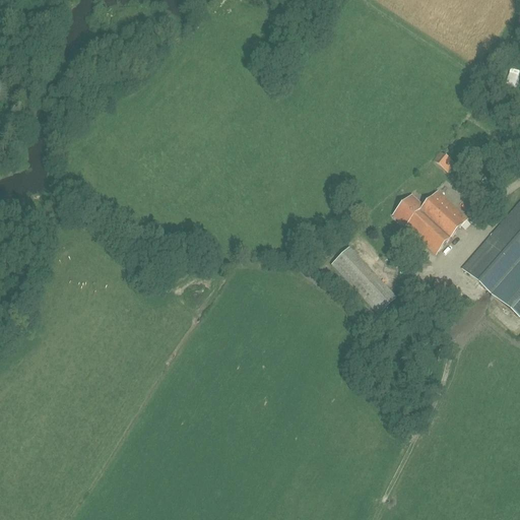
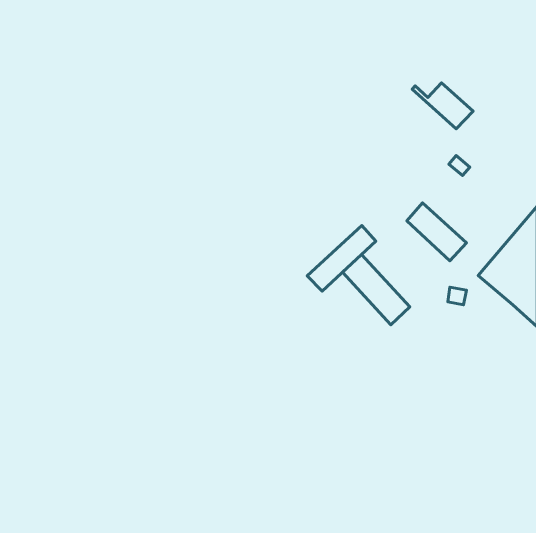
building: [409,190,468,235] -> [412,83,473,129]
building: none -> [307,226,376,291]

